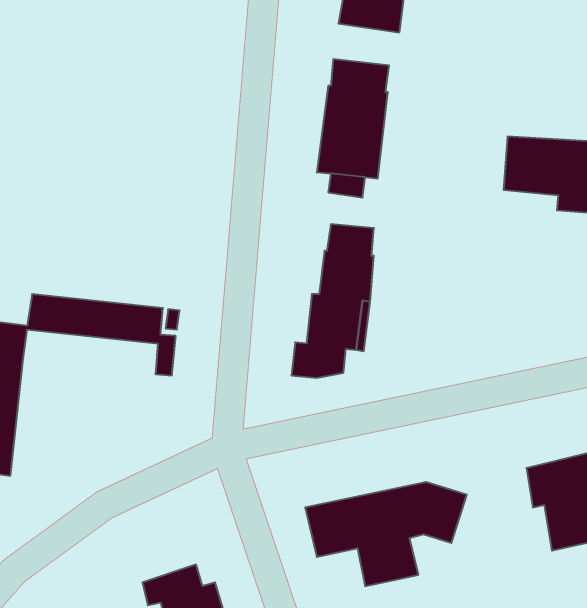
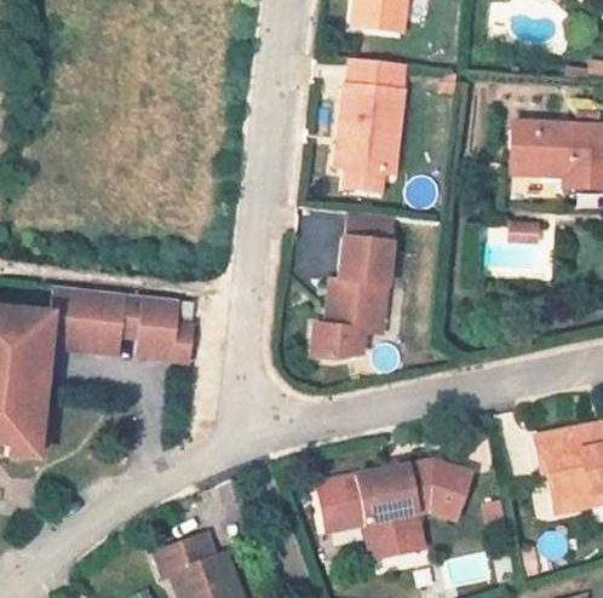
building: none -> [52,315,180,357]

